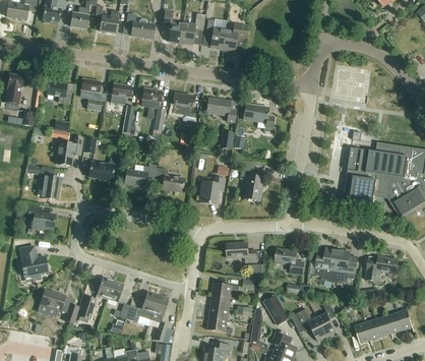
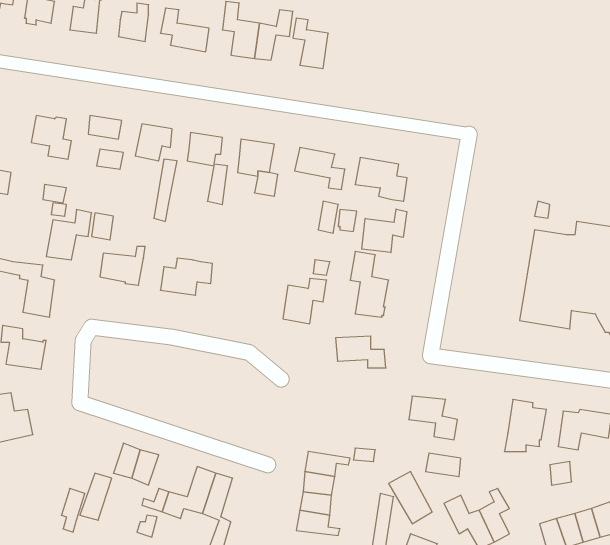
building: [224,23,247,51] -> none
building: none -> [362,209,407,253]
building: [156,168,184,192] -> none
building: [227,242,257,261] -> [336,336,386,368]
building: [315,248,339,277] -> none
building: [38,290,66,316] -> none

